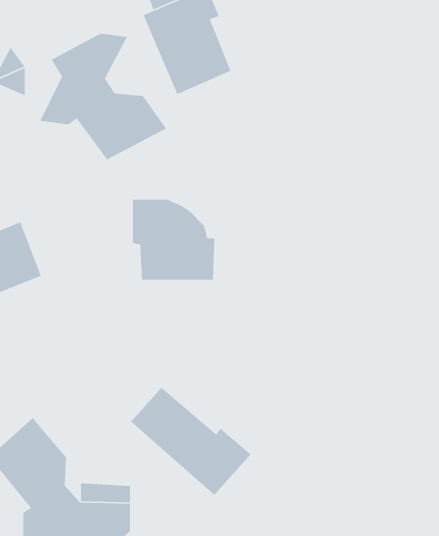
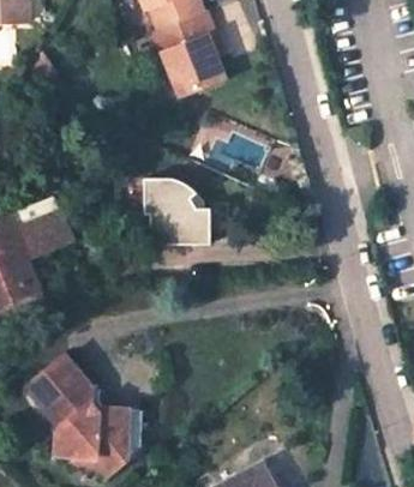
building: [39,33,167,160] -> none
building: [130,387,251,496] -> none

